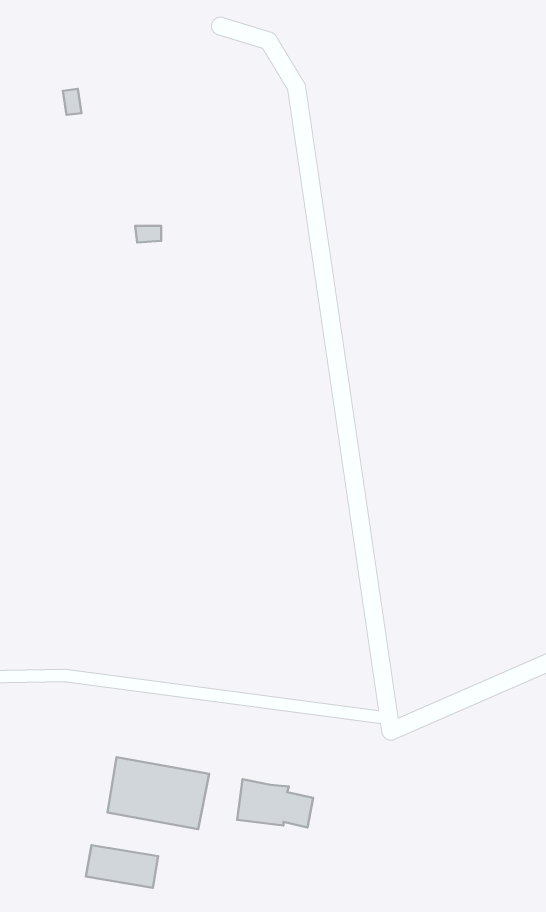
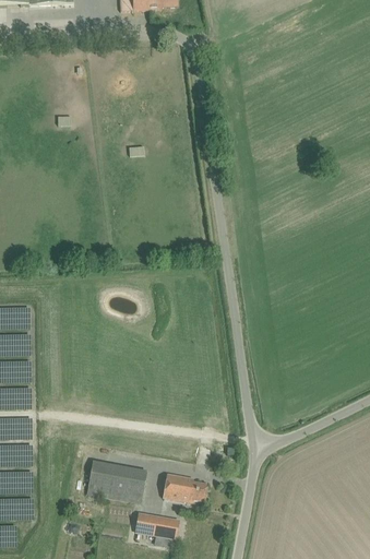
building: [86,845,158,888] -> [135,511,178,536]

